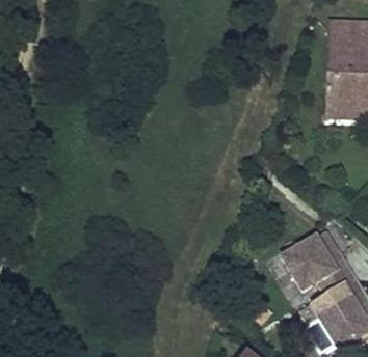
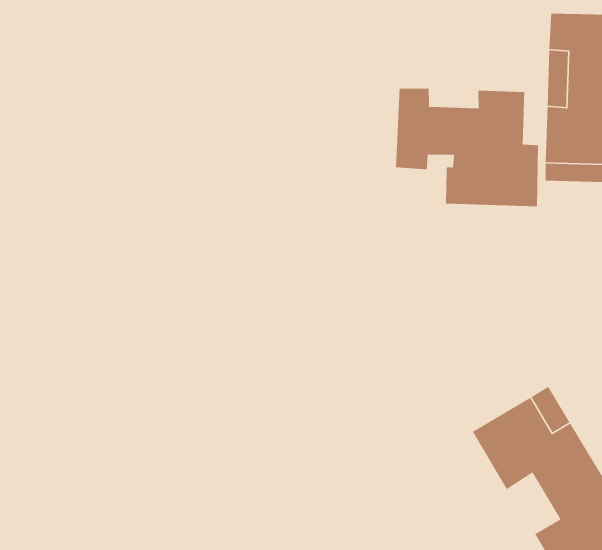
building: none -> [395,88,539,207]

